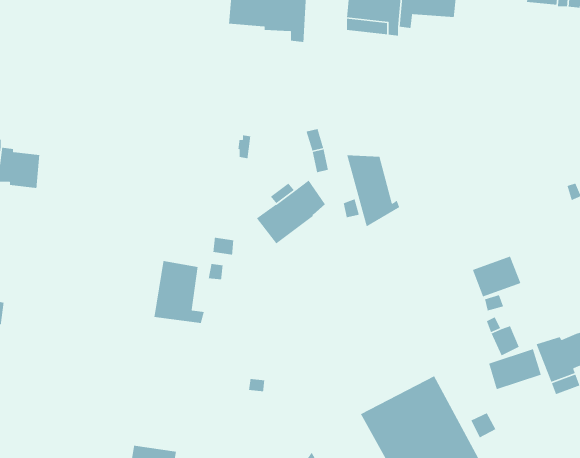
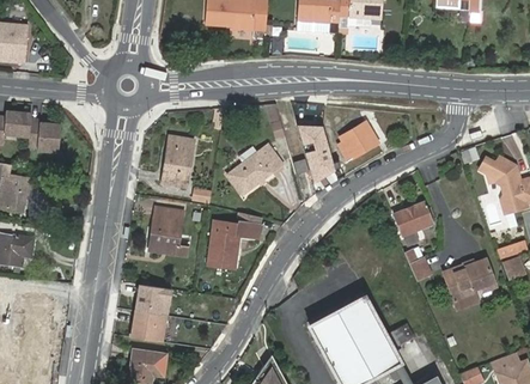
building: none -> [337,120,378,160]
building: none -> [162,134,194,187]
building: none -> [207,212,261,267]
building: [488,348,542,390] -> none
building: none -> [128,284,171,342]

